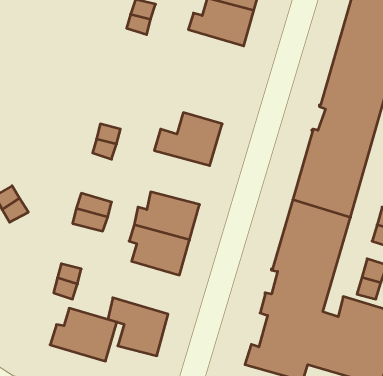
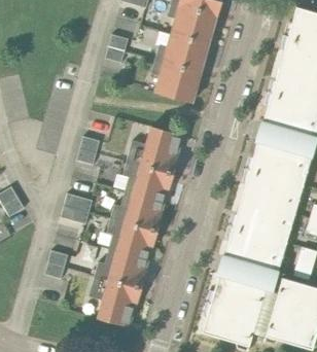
building: none -> [151,59,201,101]
building: none -> [122,157,173,202]
building: [50,308,117,361] -> [94,248,148,291]

